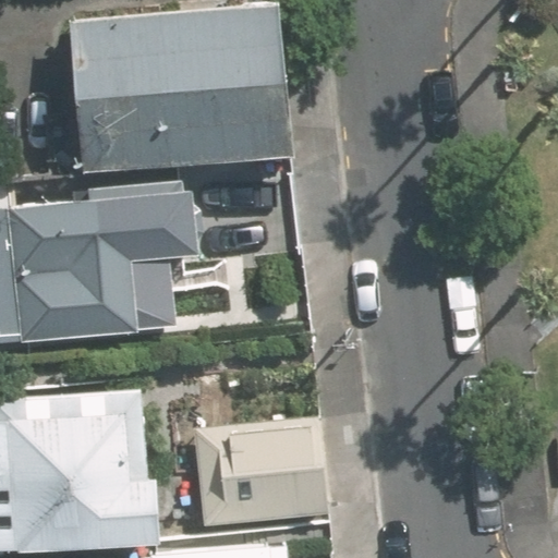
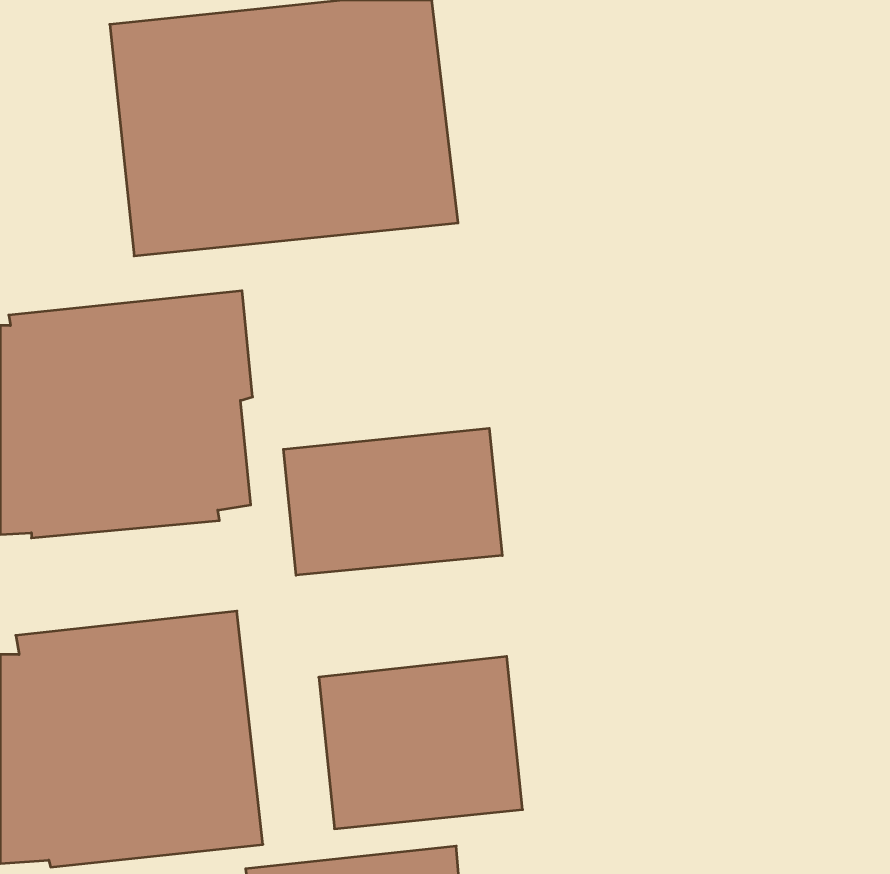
building: none -> [283,428,502,575]

